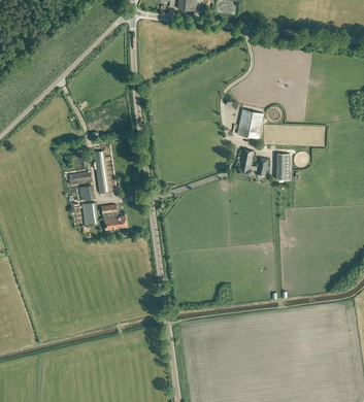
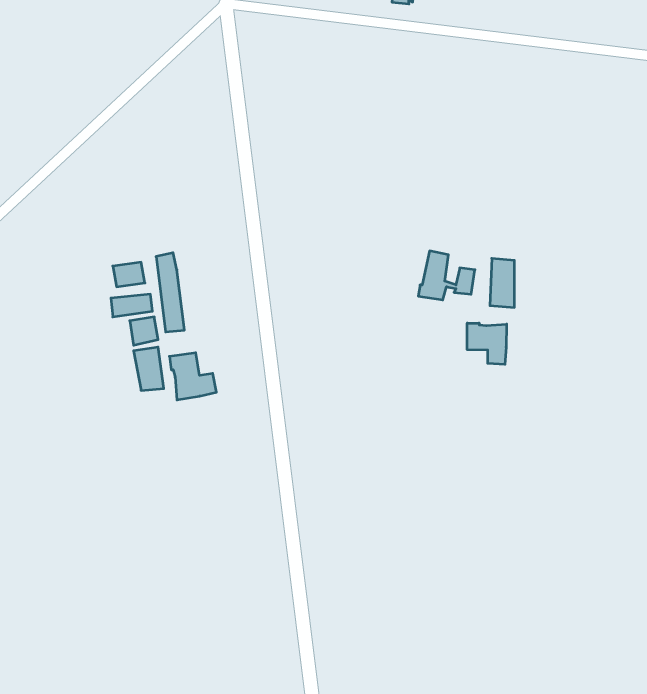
building: [237,108,264,138] -> none
building: none -> [467,323,507,364]

